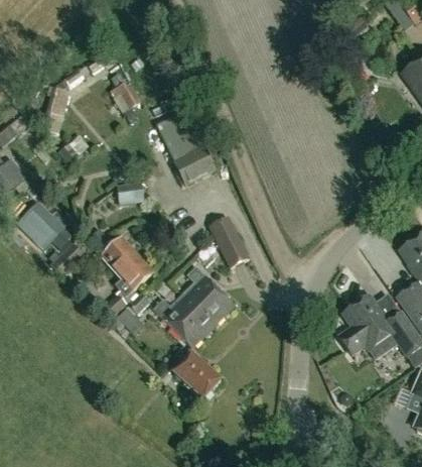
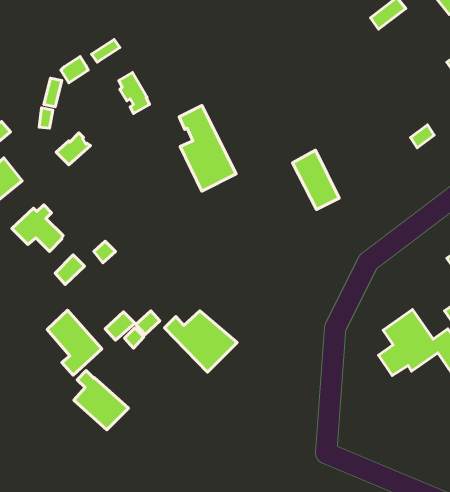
building: [115,181,143,204] -> none
building: [207,215,249,267] -> [293,150,339,209]
building: [102,238,150,296] -> [47,310,102,375]
building: [183,267,233,321] -> none
building: [171,347,220,399] -> [74,371,128,430]

